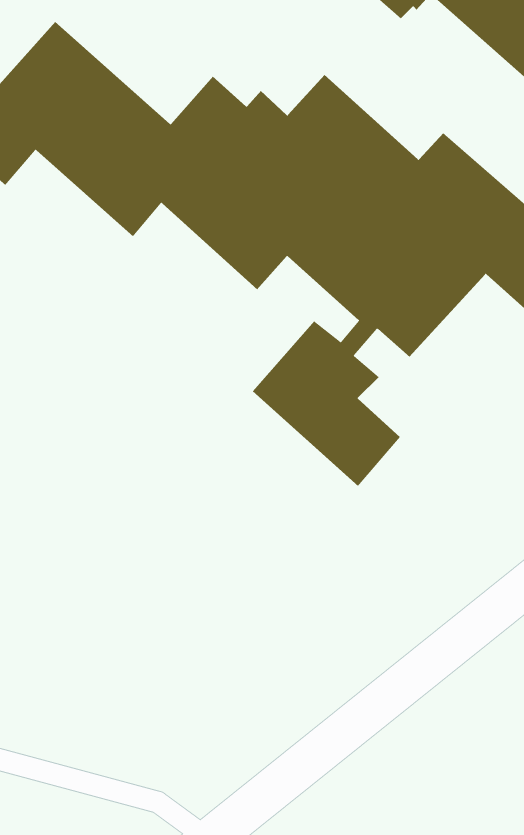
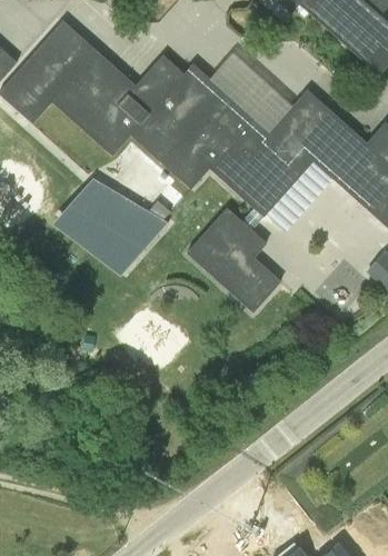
building: none -> [52,177,168,276]

